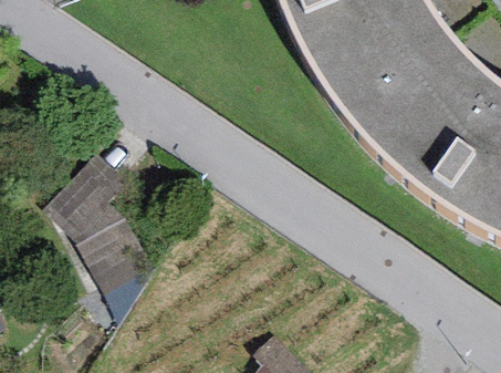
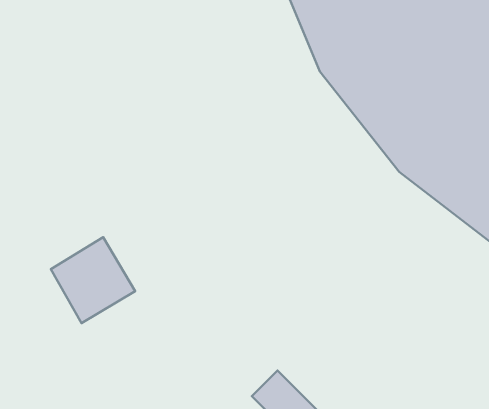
building: [43,148,129,242] -> none

